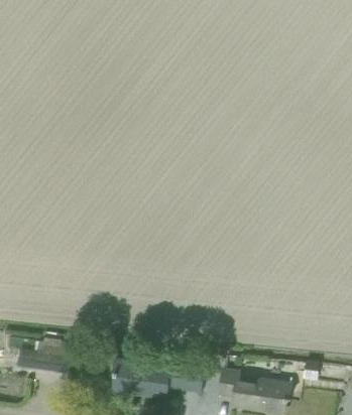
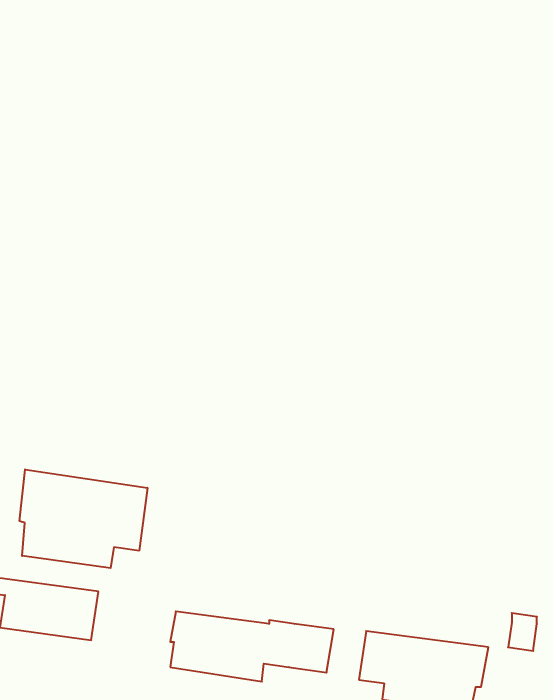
building: none -> [20,469,147,568]

